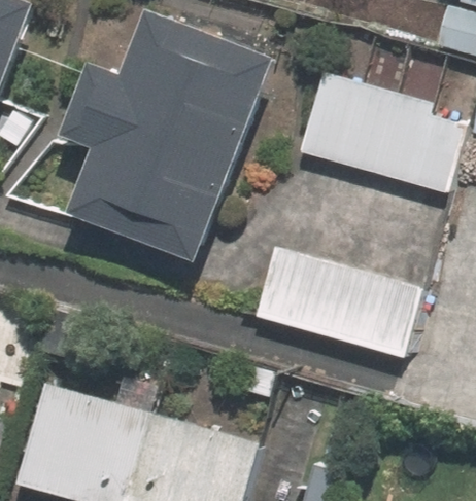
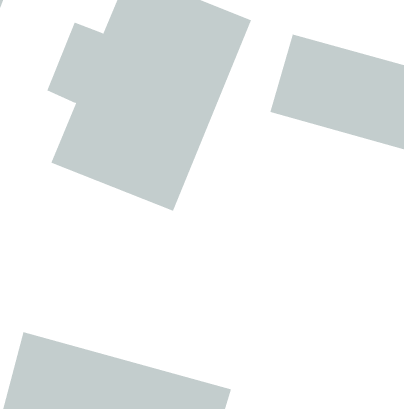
building: [251,248,416,357] -> none

